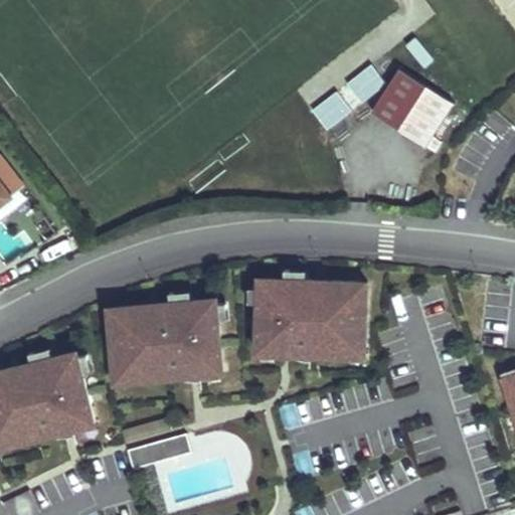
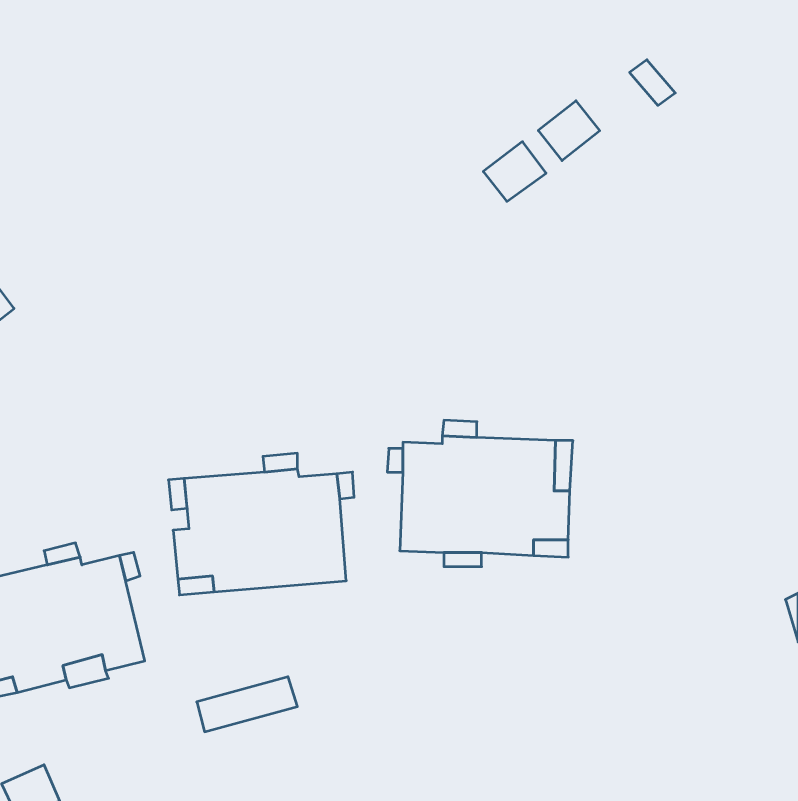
building: [368,70,452,149] -> none

